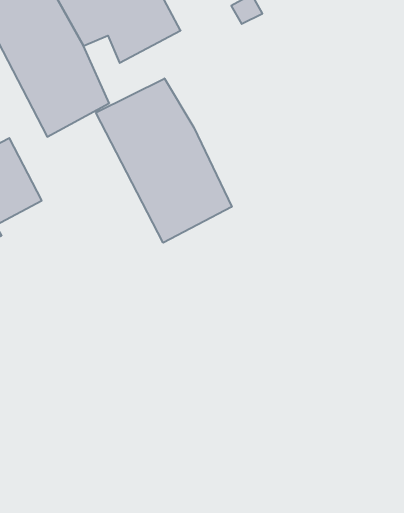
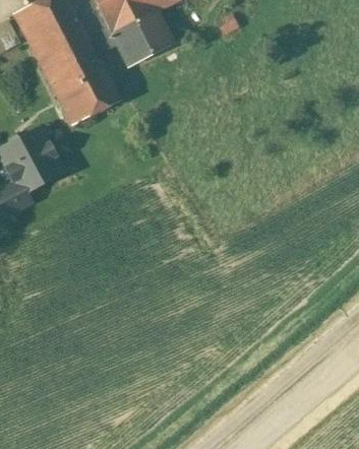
building: [96,78,232,243] -> none

